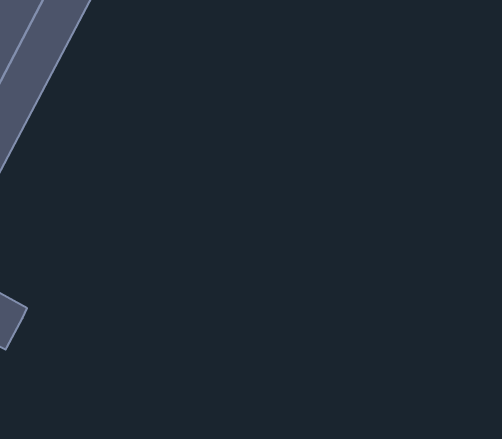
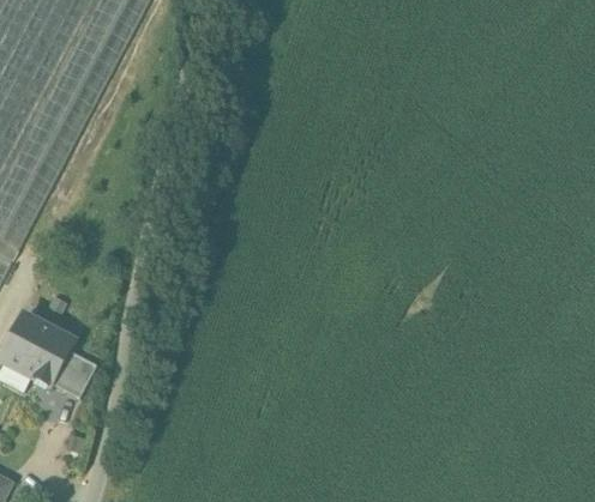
building: none -> [52,350,96,395]

